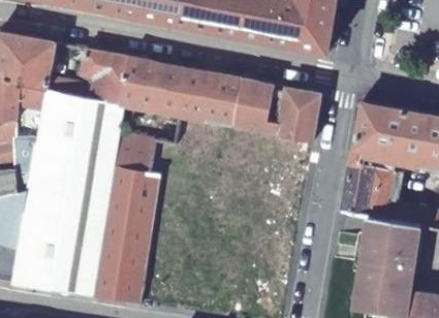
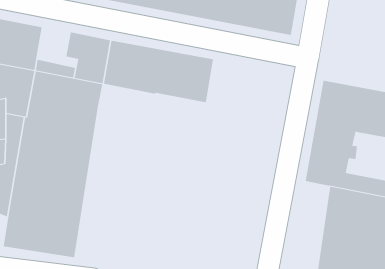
building: [233,78,319,141] -> none
building: [90,131,157,303] -> none

